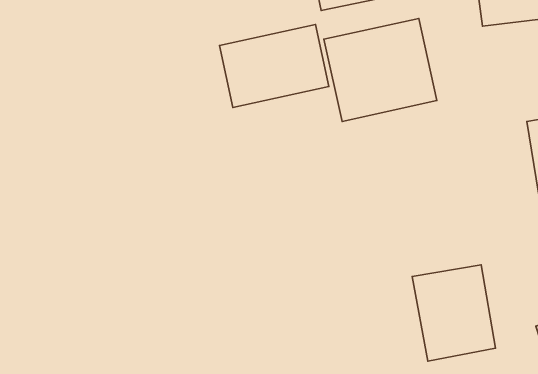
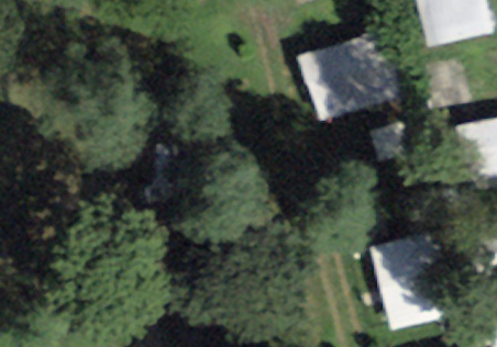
building: [219,25,329,108] -> none

